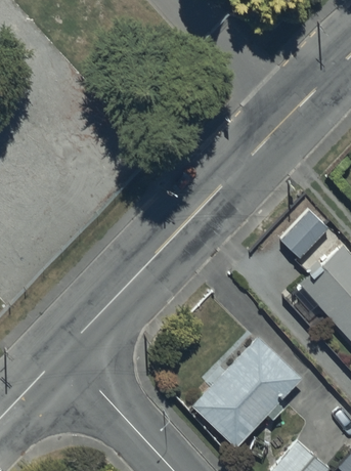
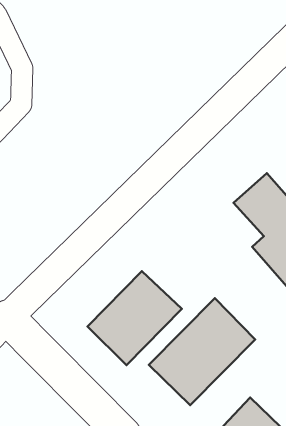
building: none -> [87,271,182,365]

